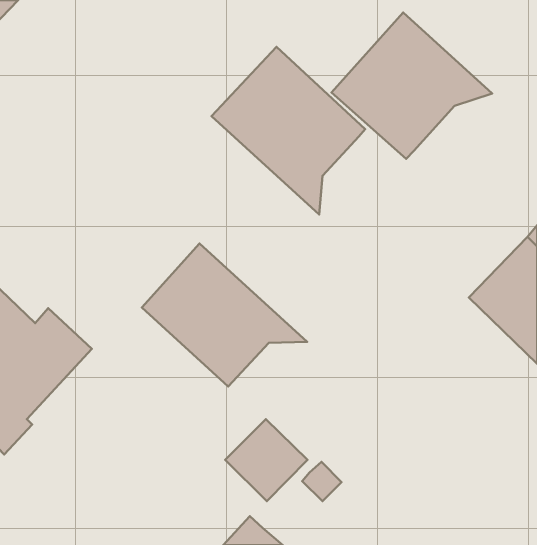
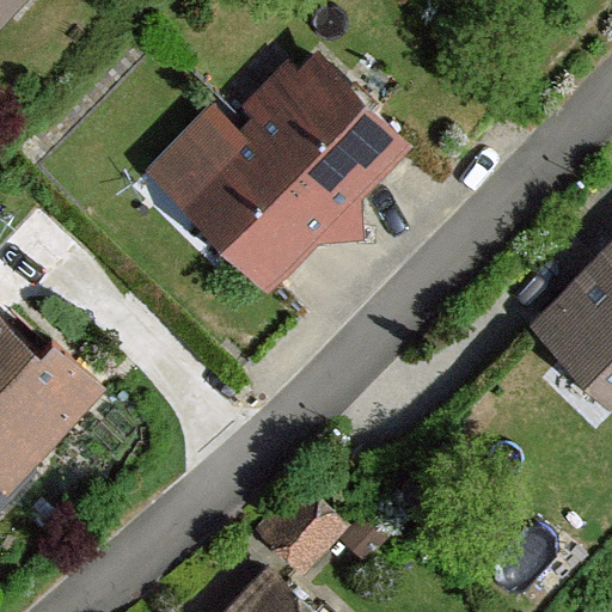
building: [332,12,492,159] -> none
building: [142,244,307,386] -> [172,130,357,290]

